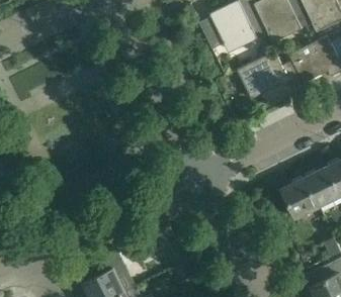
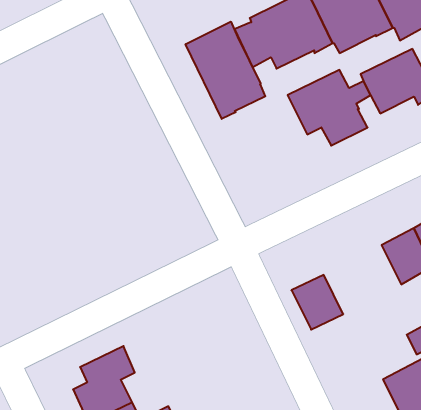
building: none -> [186,22,265,119]
building: [281,178,319,217] -> [291,275,343,330]

